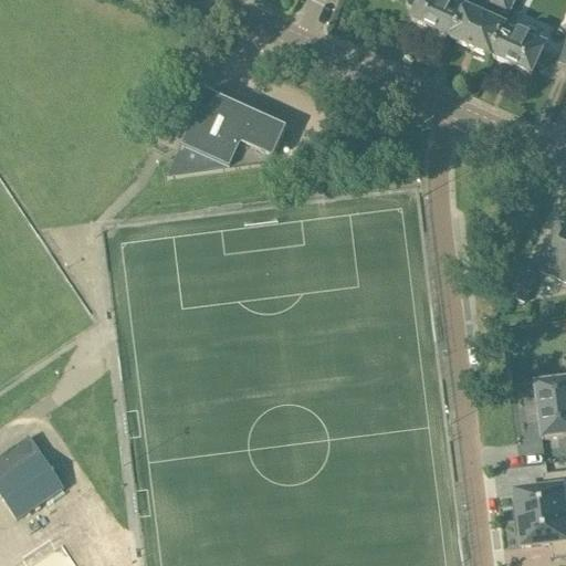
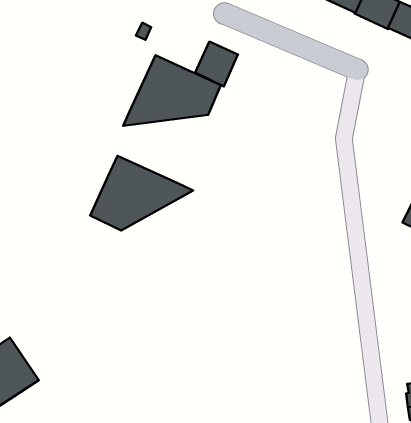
building: none -> [195,42,238,87]
building: none -> [90,156,193,231]

